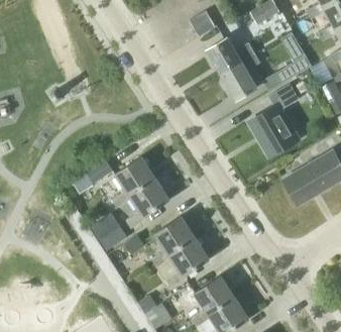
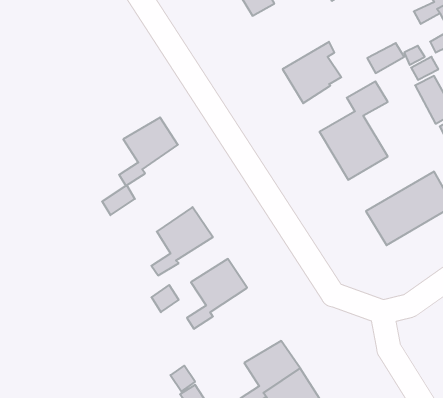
building: [207,37,255,75] -> none
building: [111,156,154,207] -> [119,117,178,186]
building: [91,212,127,250] -> none
building: [163,236,209,288] -> none

